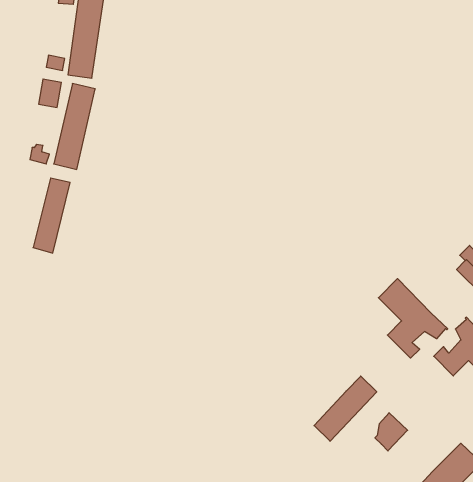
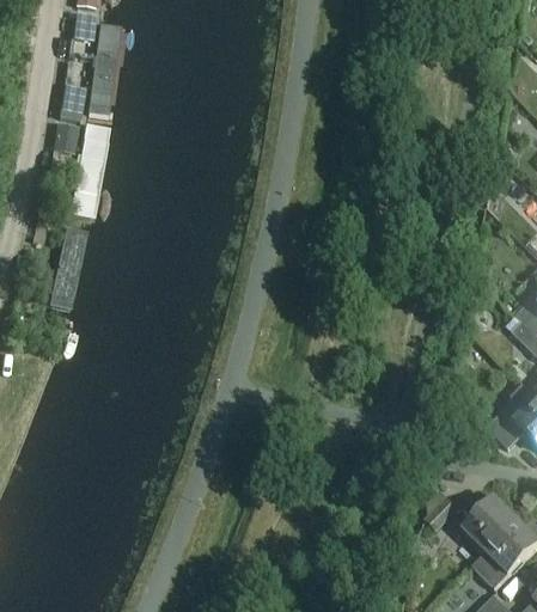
building: [378,279,448,358] -> none
building: [314,376,377,441] -> none
building: none -> [463,497,517,551]

